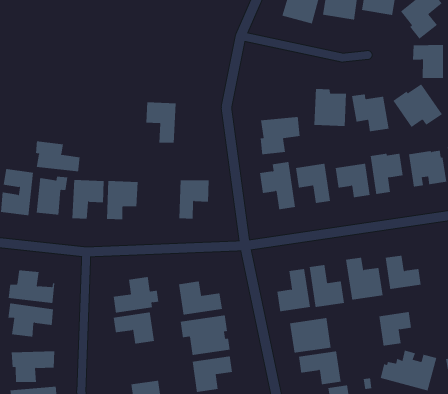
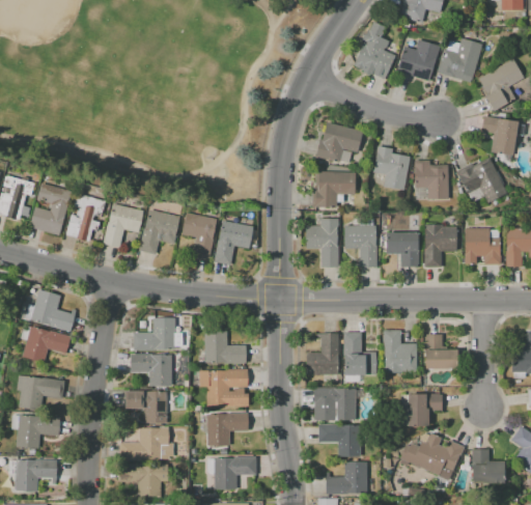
building: none -> [316,122,363,163]
building: [146,102,176,143] -> [181,213,217,260]
building: [35,141,80,172] -> none
building: none -> [124,391,166,423]

